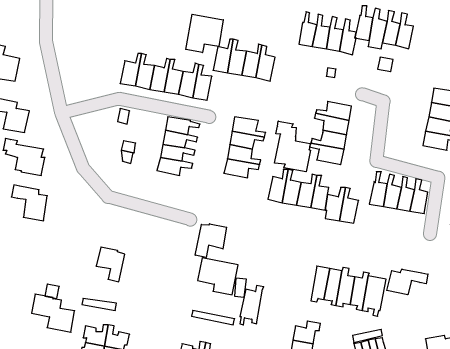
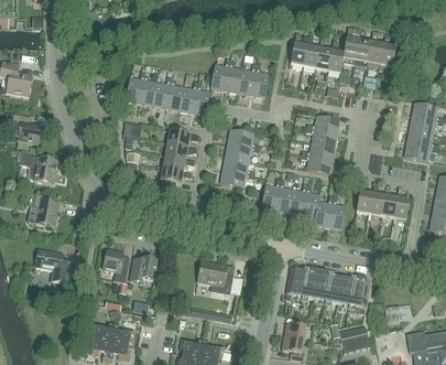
building: [186,14,223,53] -> none
building: [275,121,311,172] -> none
building: [195,224,227,257] -> none
building: none -> [129,255,157,280]
building: [387,269,428,295] -> none
building: [240,286,264,325] -> [285,264,307,300]
building: [32,294,75,332] -> [35,248,75,283]

